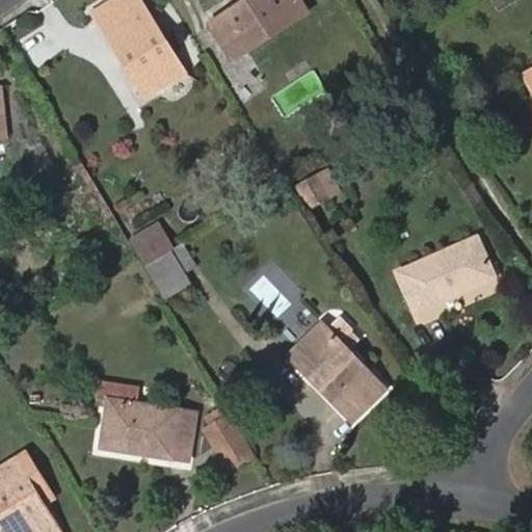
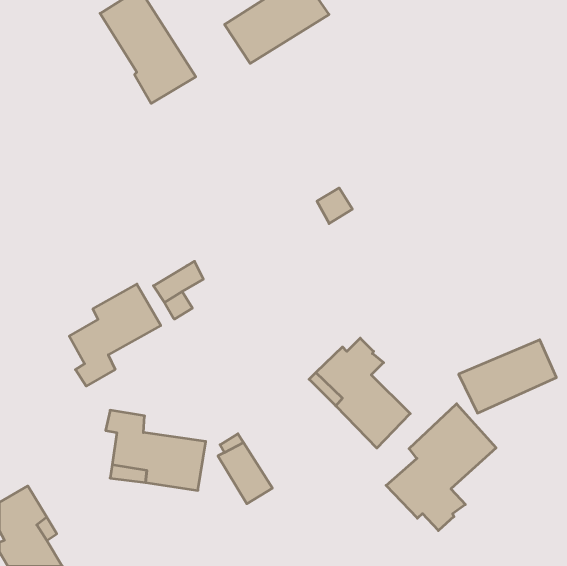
building: [127,221,175,267] -> none
building: [400,240,491,309] -> [459,340,556,413]
building: none -> [69,284,161,386]
building: none -> [386,404,496,531]

